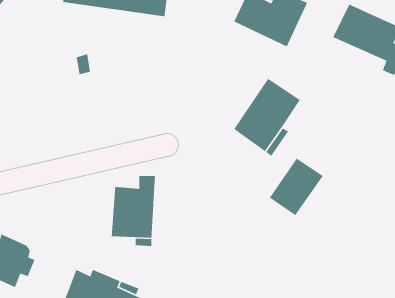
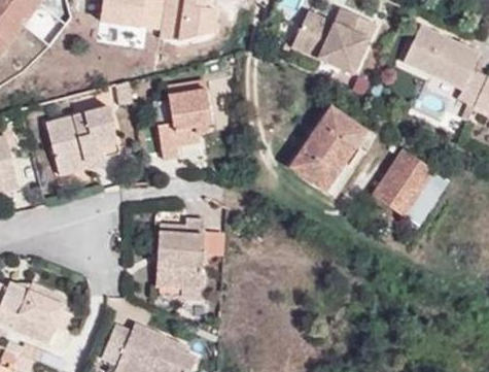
building: none -> [155,78,213,161]
building: none -> [44,105,117,174]
building: [269,158,324,216] -> [373,150,434,216]

